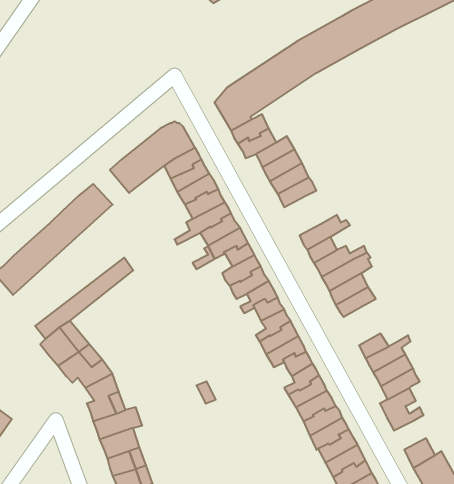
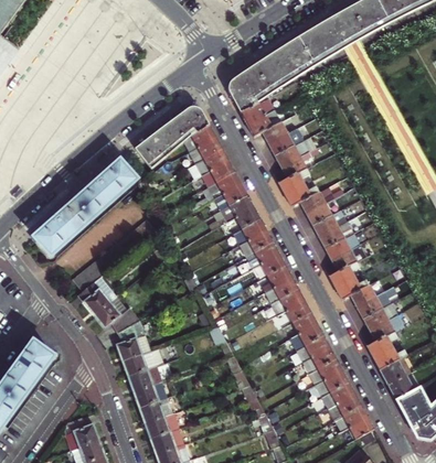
building: none -> [277,168,317,206]
building: none -> [328,261,366,300]
building: none -> [379,356,411,385]

